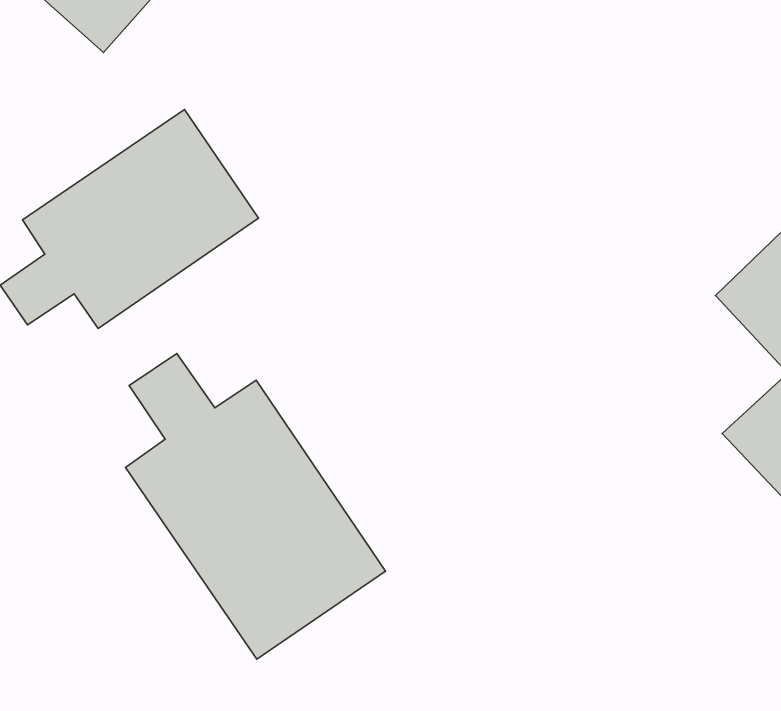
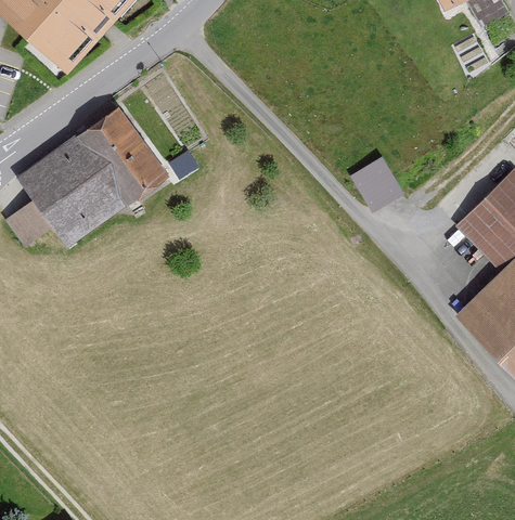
building: none -> [352,156,404,210]
building: [126,354,385,659] -> none

